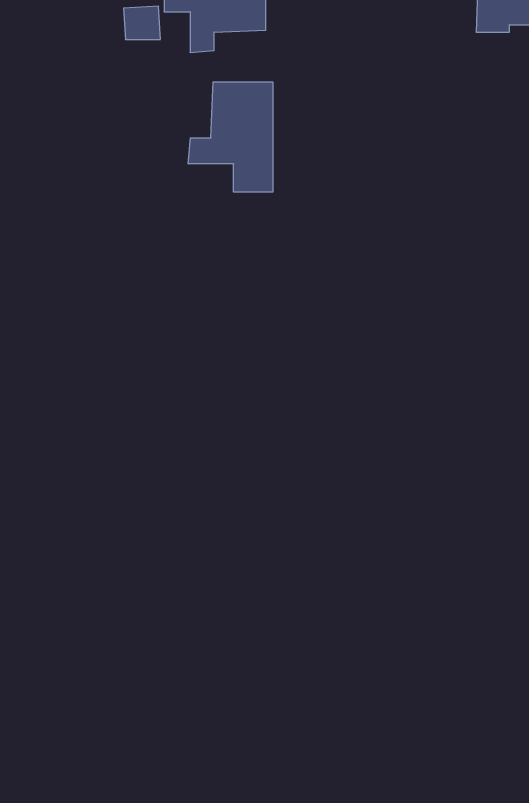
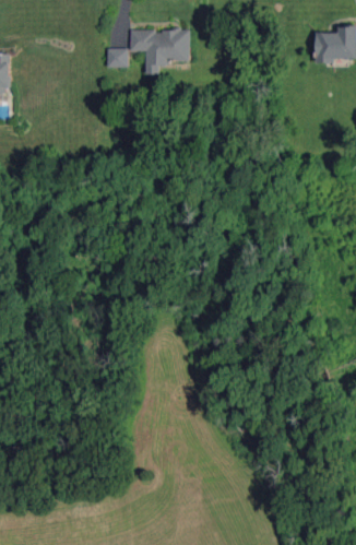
building: [188,82,273,192] -> none

